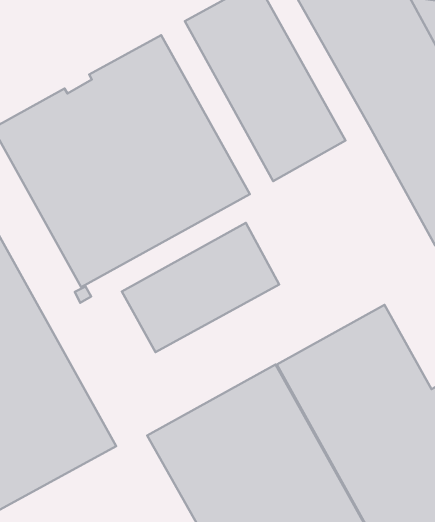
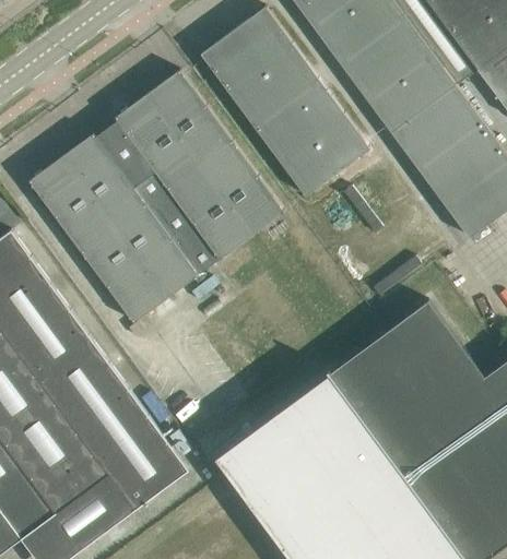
building: [122,223,279,352] -> none

